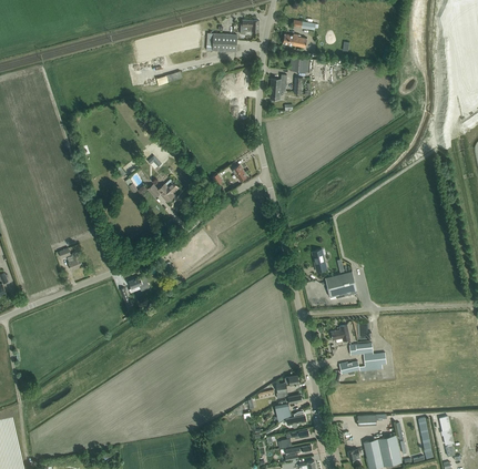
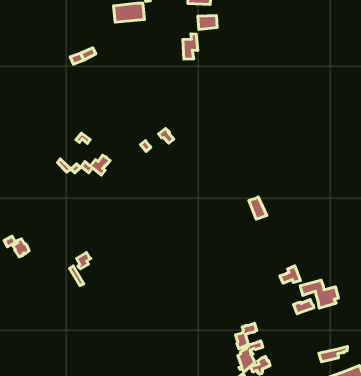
building: [325,272,358,298] -> none

